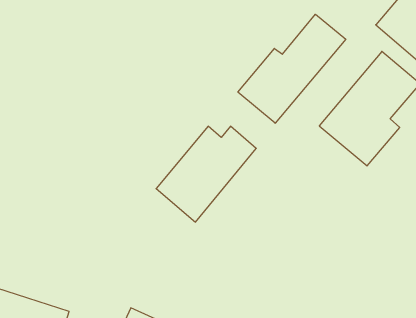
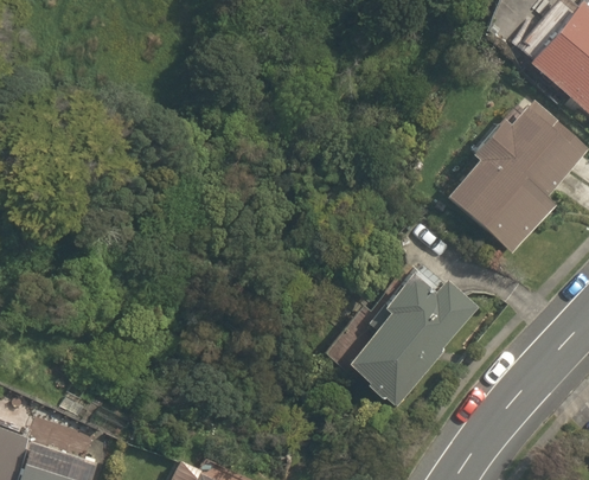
building: [238,14,346,123] -> none
building: [156,126,256,222] -> [341,277,480,410]

